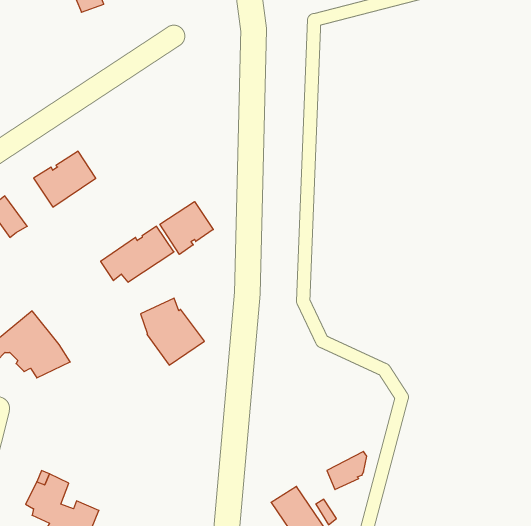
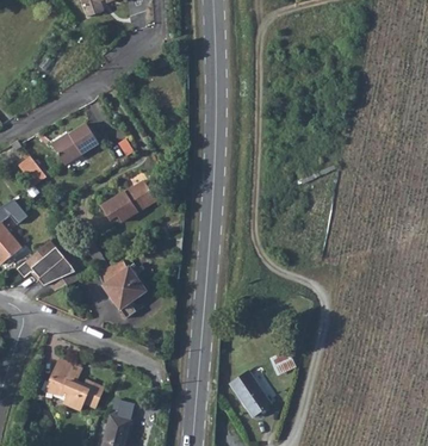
building: [160,202,213,254] -> none
building: [141,298,204,365] -> [99,258,147,308]

